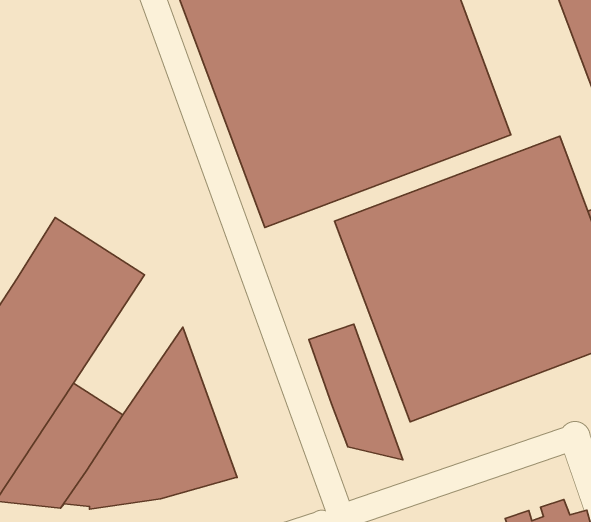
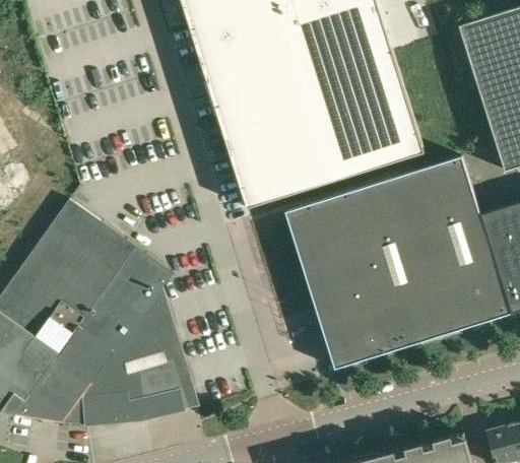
building: none -> [78,246,175,352]
building: [309,324,403,460] -> none

